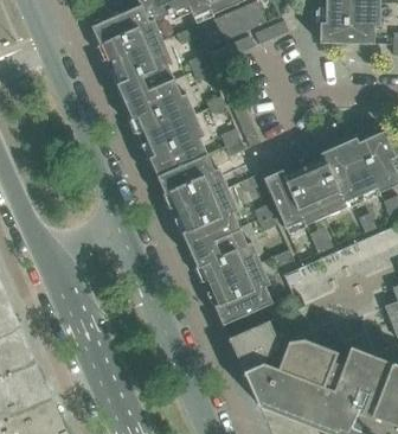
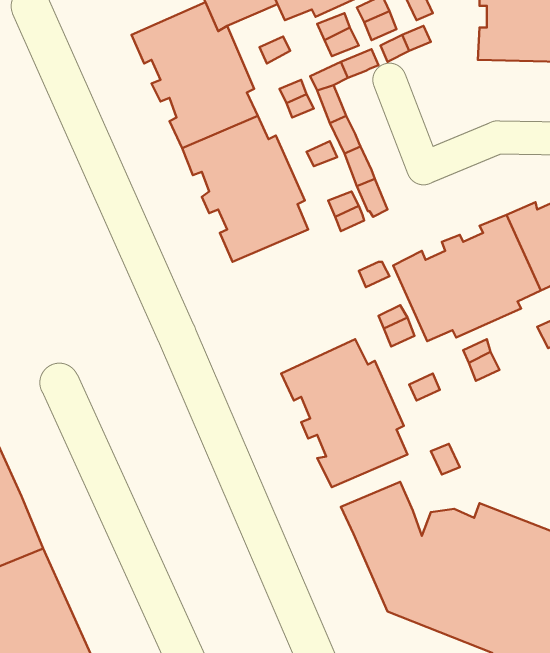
building: [158,154,238,249] -> none

